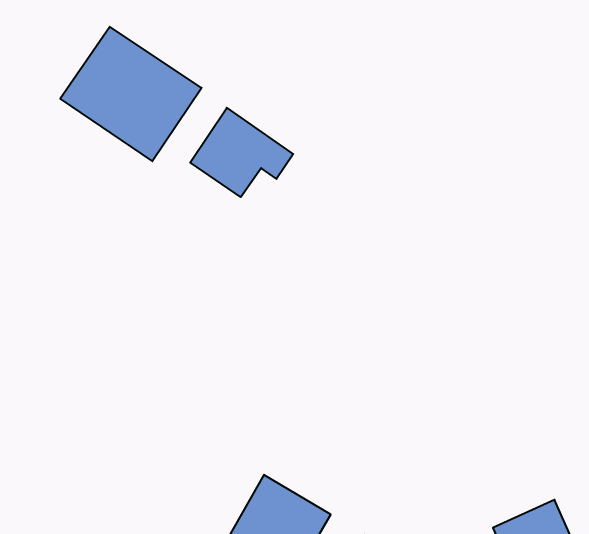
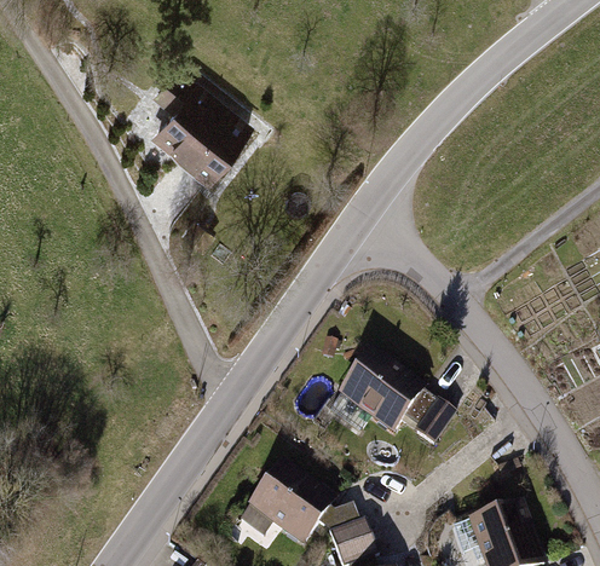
building: [190,108,293,197] -> none
building: none -> [335,347,456,444]

